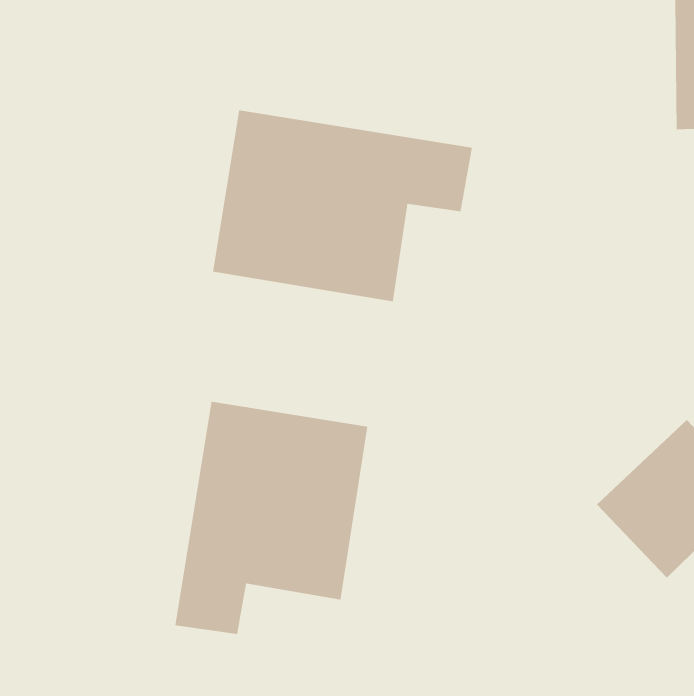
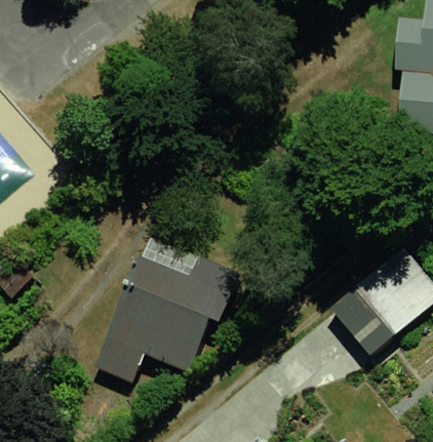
building: [213,110,472,302] -> none

